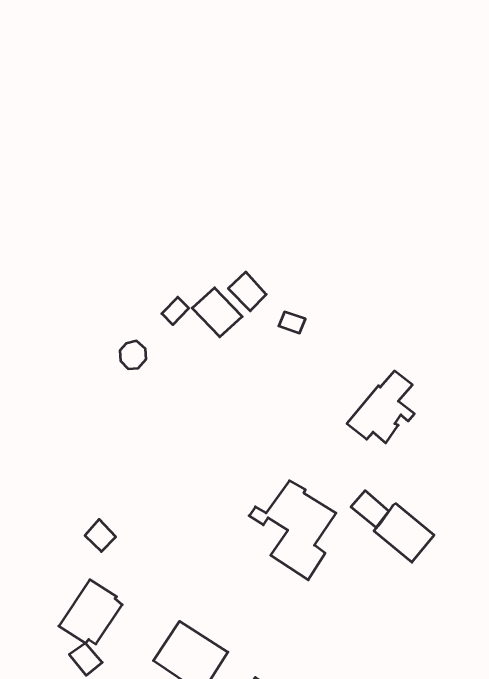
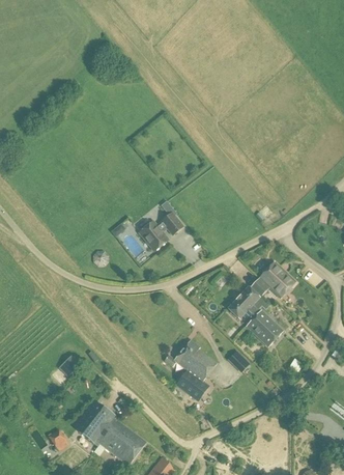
building: none -> [258,260,294,297]
building: [374,504,434,562] -> [246,309,282,345]
building: [59,580,122,644] -> [78,403,117,443]

